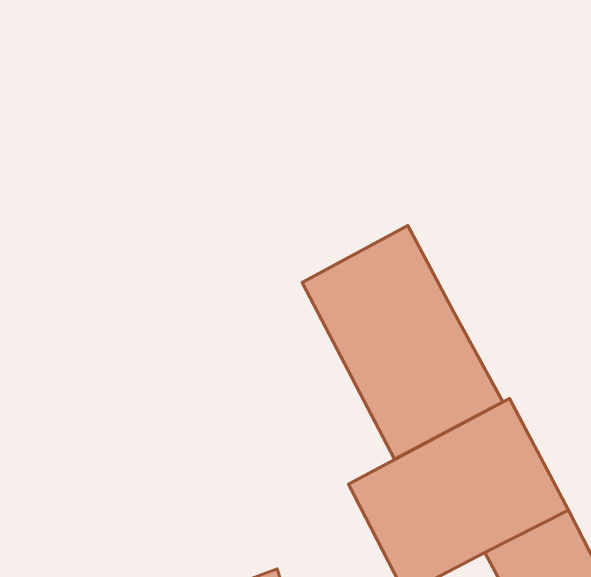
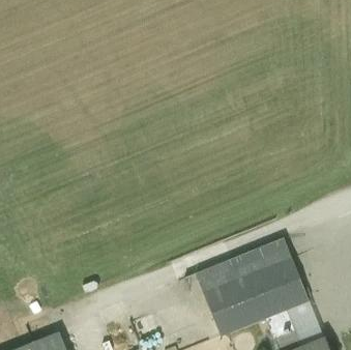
building: [302,225,503,459] -> none

